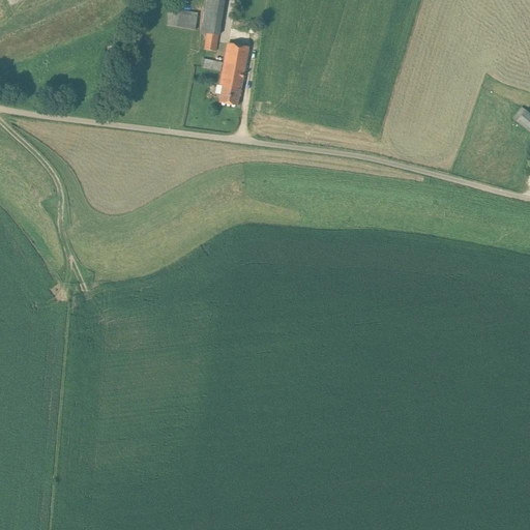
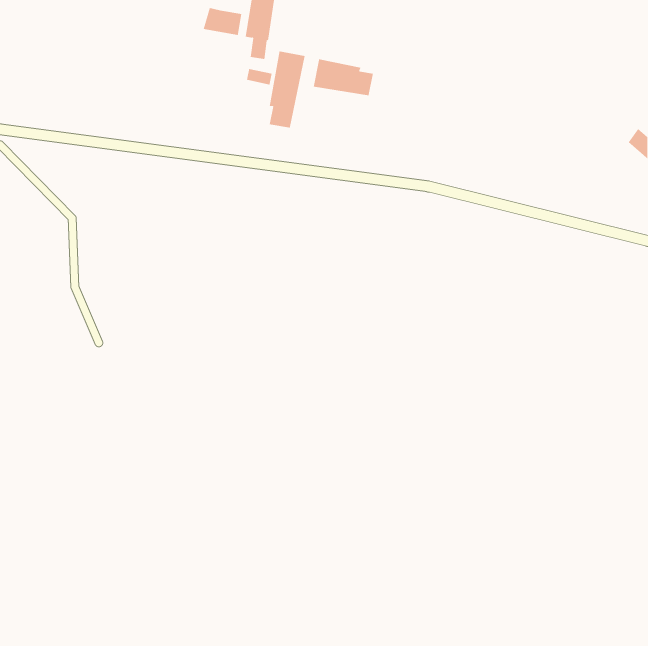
building: none -> [313,58,374,96]

